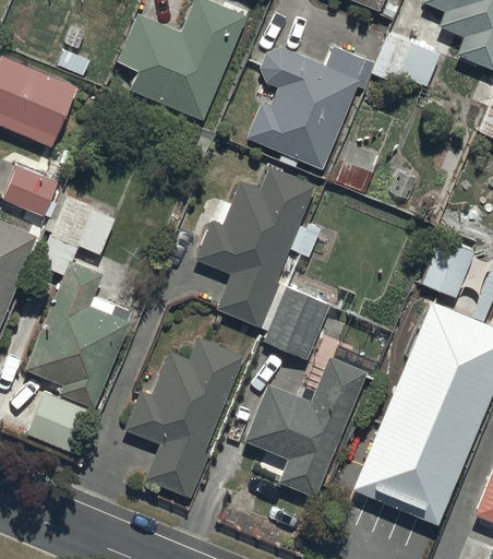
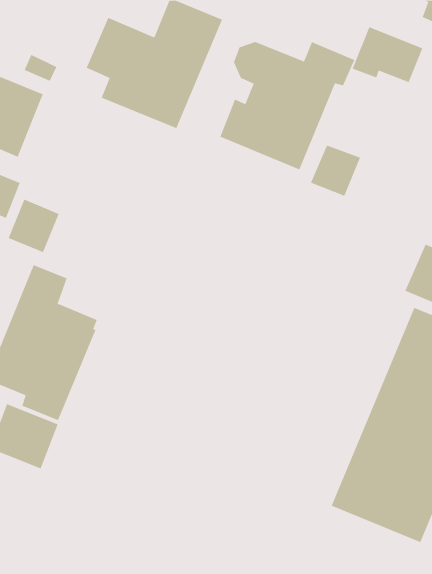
building: [195,166,317,328] -> none
building: [264,286,330,360] -> none
building: [124,336,245,498] -> none
building: [243,355,366,496] -> none

